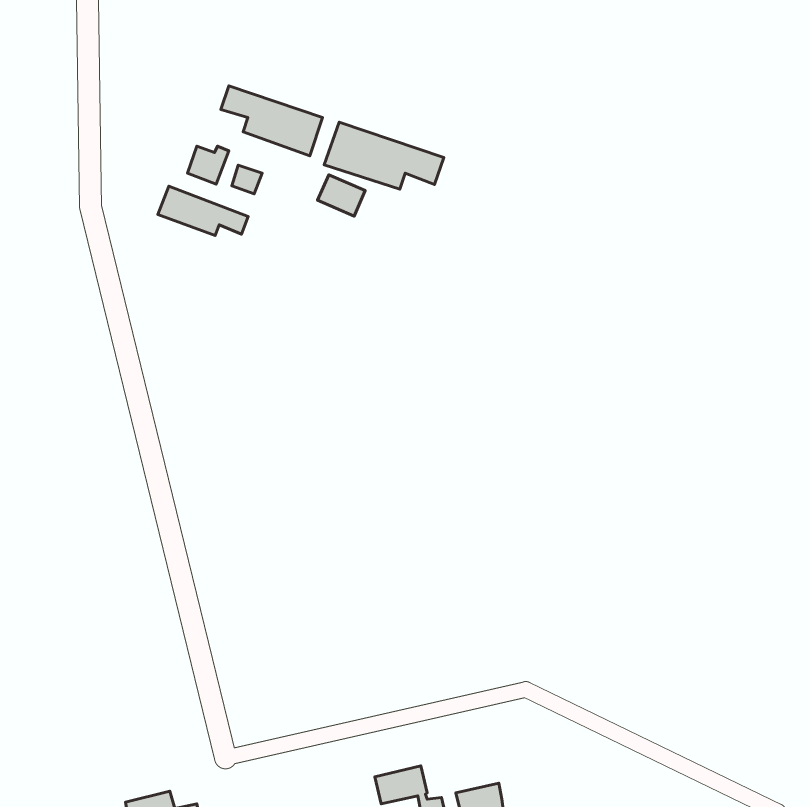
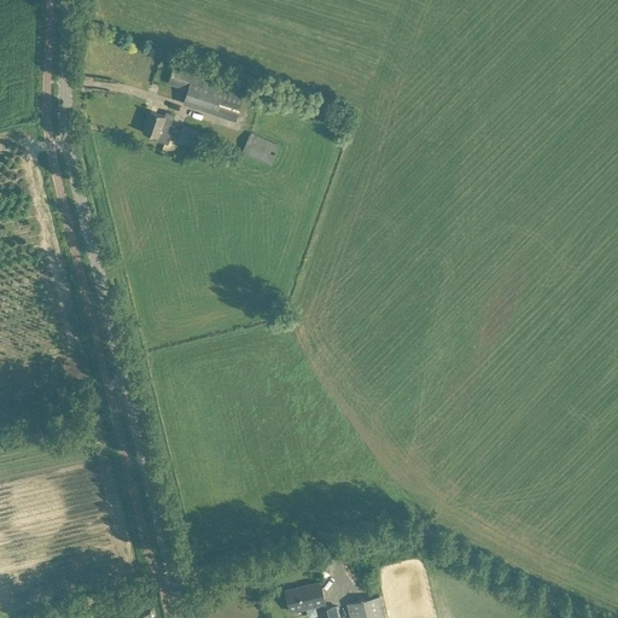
building: [324,122,444,189] -> none
building: [158,186,248,235] -> none

